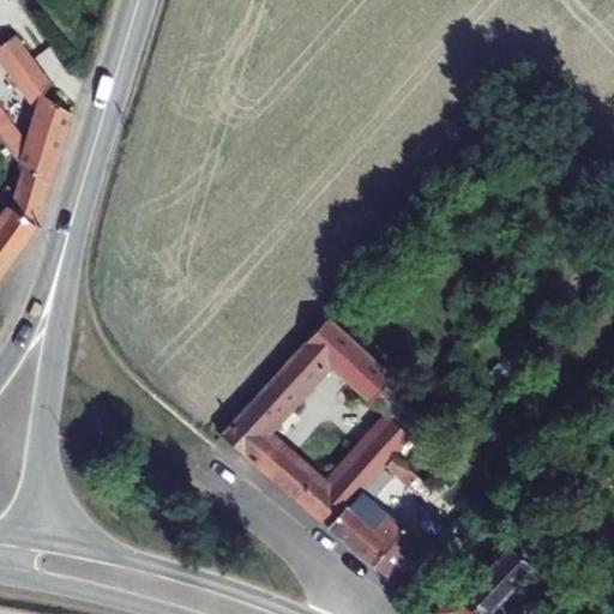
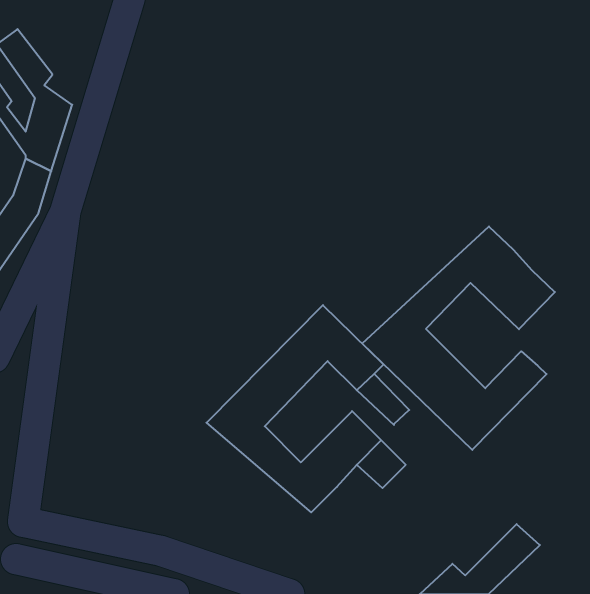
building: none -> [362,226,555,450]
building: [320,501,428,590] -> none

